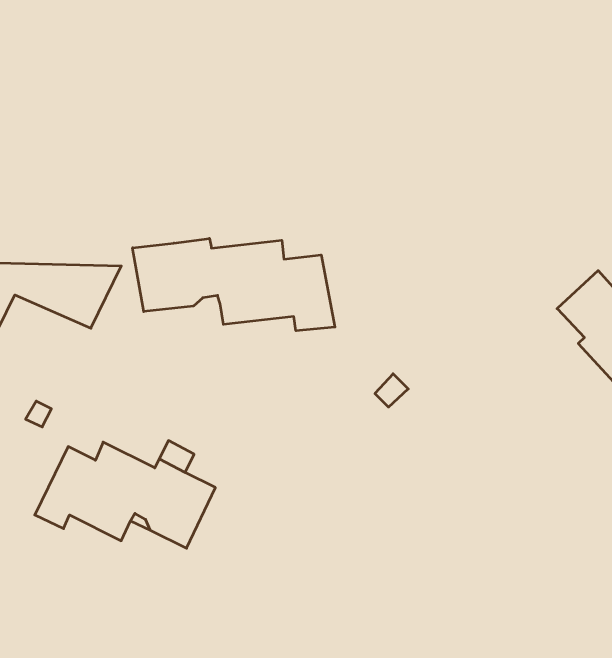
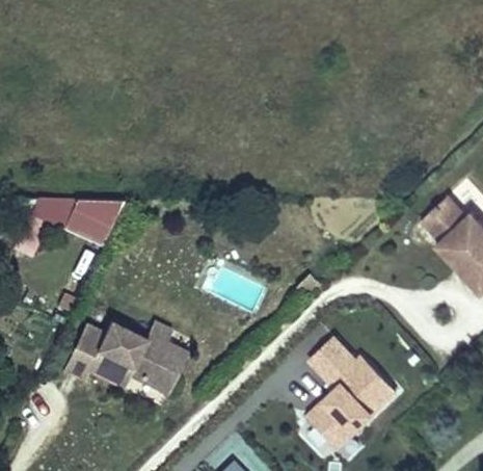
building: [133,238,335,331] -> none
building: none -> [310,338,398,447]

